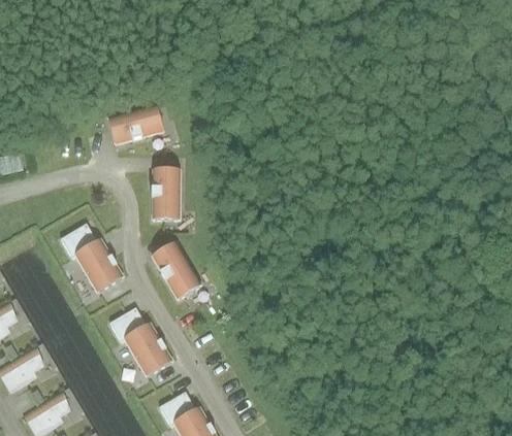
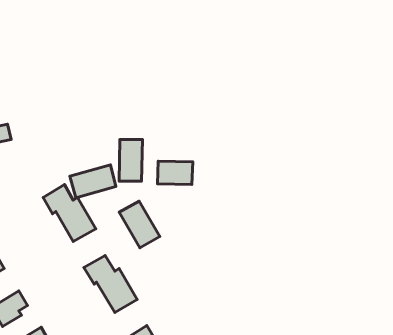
building: [107,105,162,144] -> [70,165,116,198]
building: none -> [157,161,193,184]

